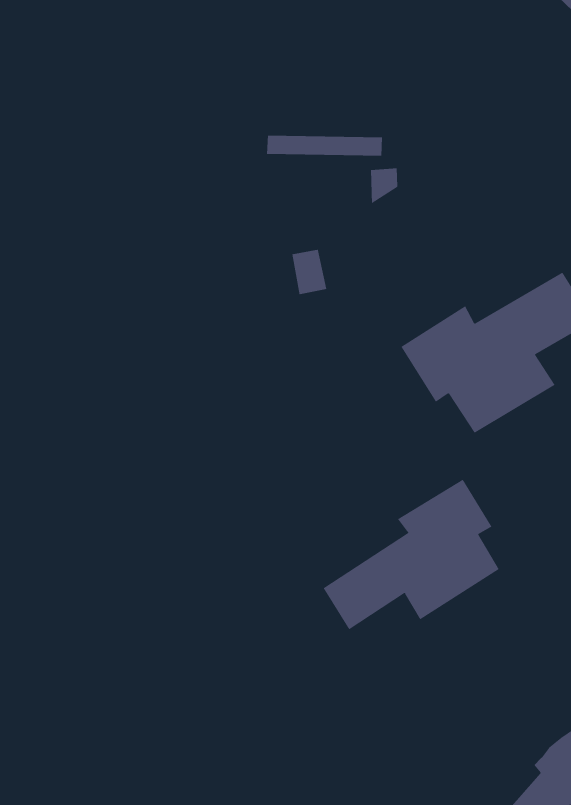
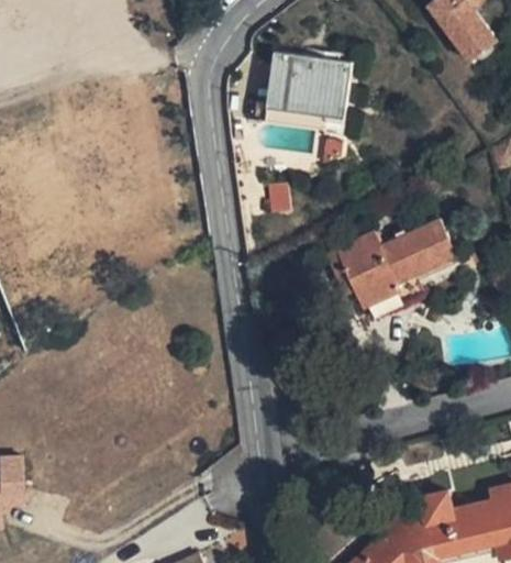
building: none -> [263,49,348,108]
building: [323,479,499,630] -> none

